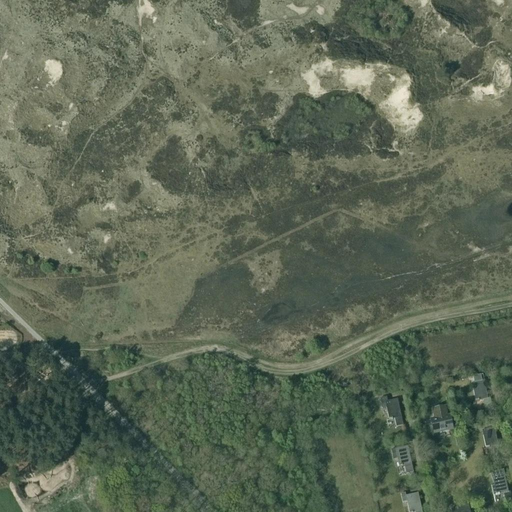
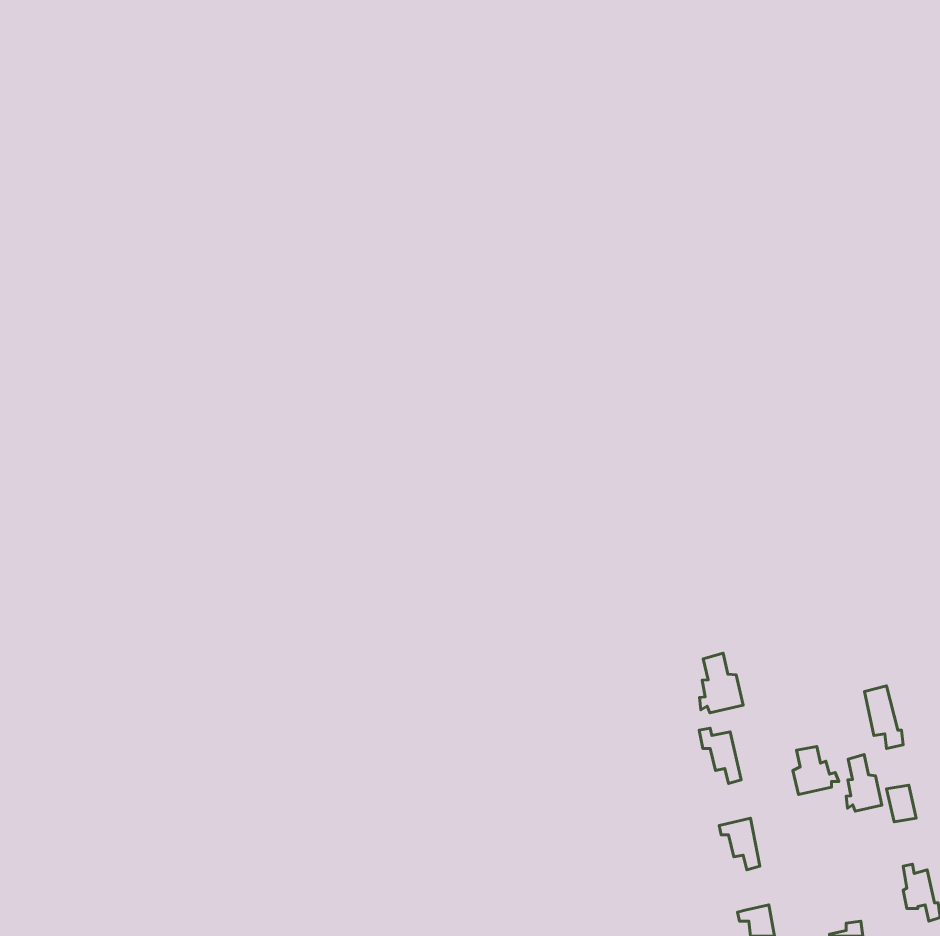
building: none -> [699,653,743,713]
building: none -> [846,755,882,811]

